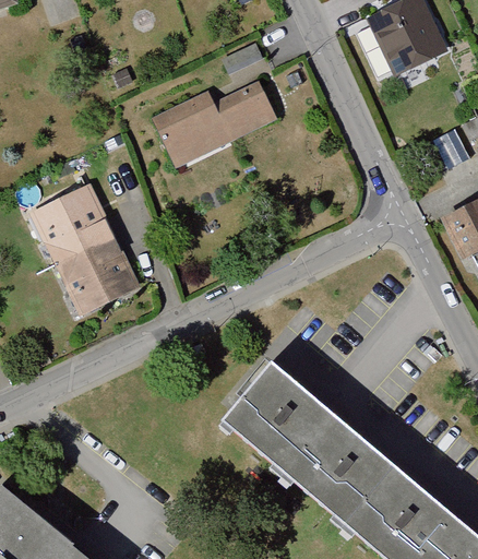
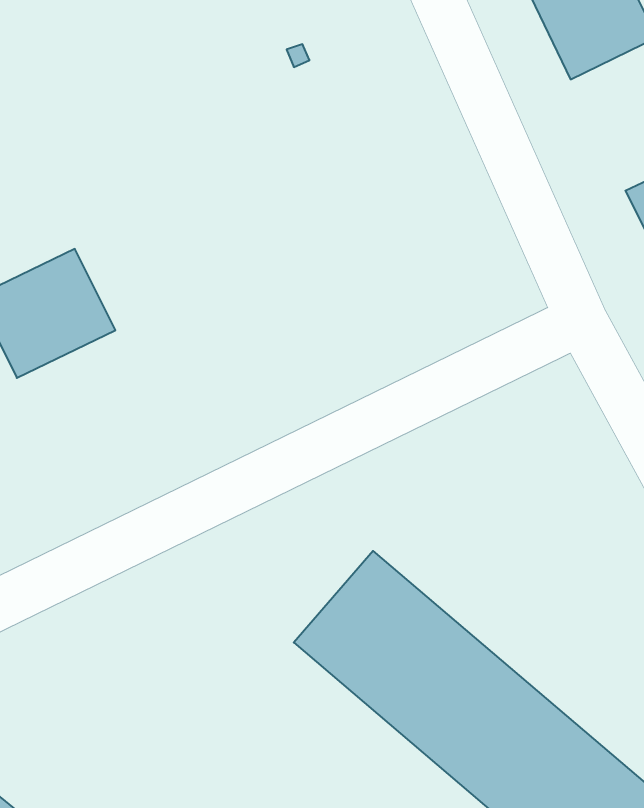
building: [151,74,279,156] -> none
building: [53,229,141,313] -> none

